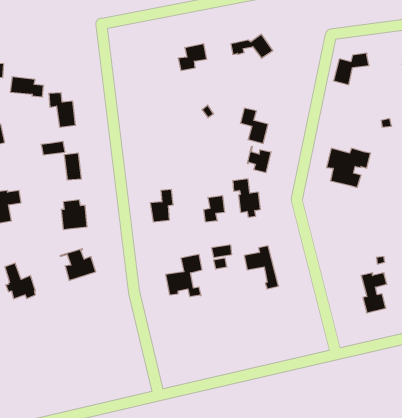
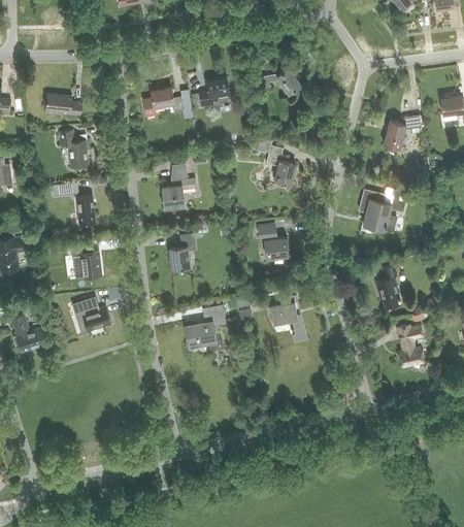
building: none -> [143,88,186,117]
building: [333,53,369,85] -> [384,116,422,150]
building: [10,77,44,97] -> [45,94,81,116]
building: none -> [162,165,195,210]
building: [248,146,271,173] -> none
building: [204,195,225,222] -> none
building: none -> [375,265,400,307]

